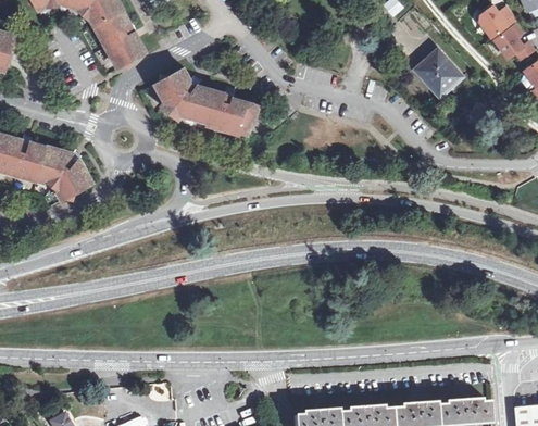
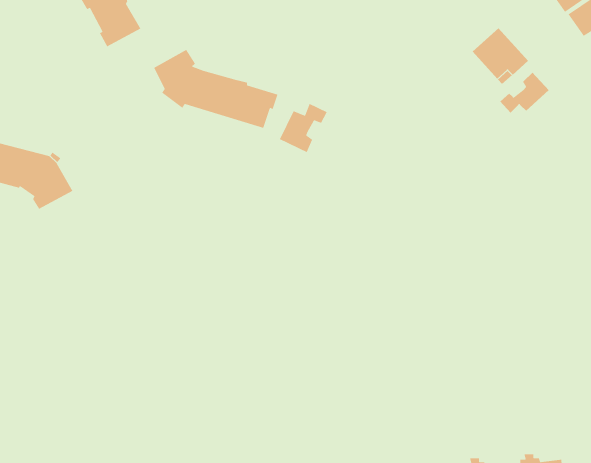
building: none -> [499,72,550,114]
building: none -> [279,103,328,153]

